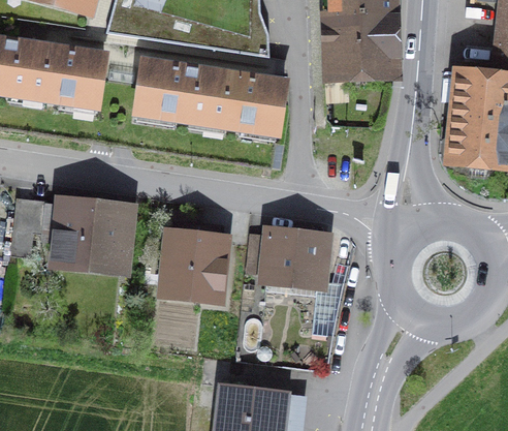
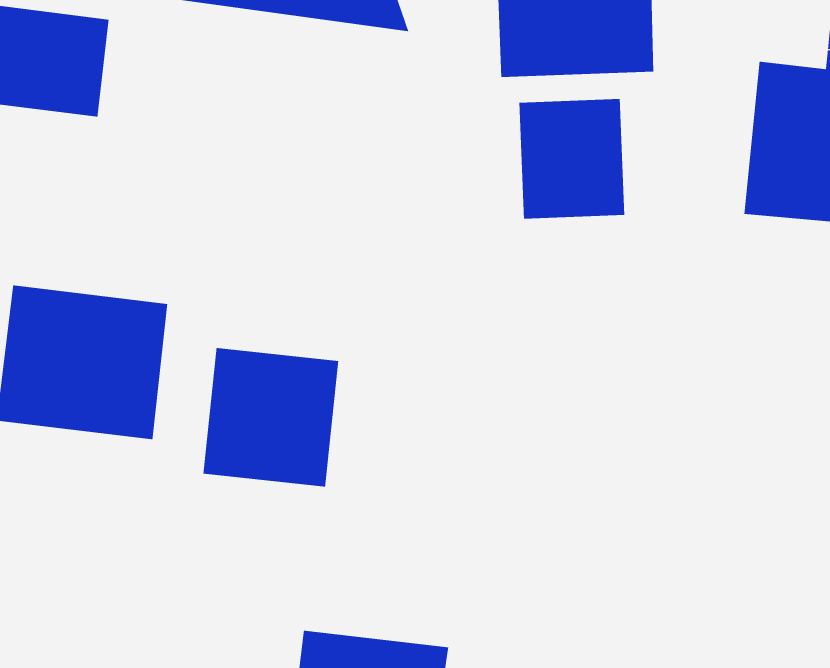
building: [132,59,291,129] -> none
building: none -> [518,98,625,219]
building: [255,227,332,291] -> none

